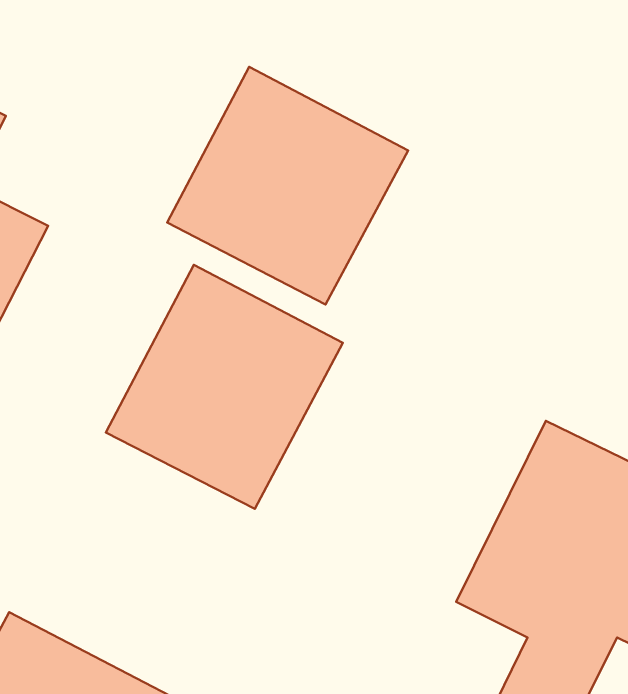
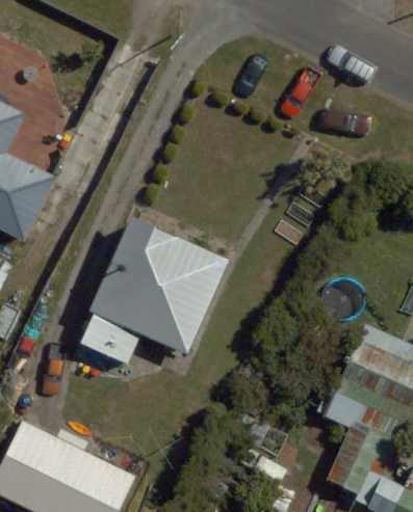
building: [167,67,408,305] -> none

